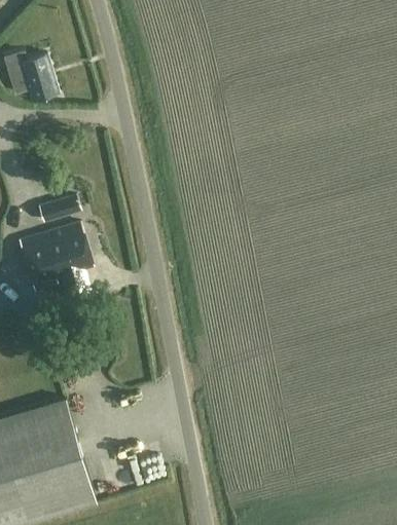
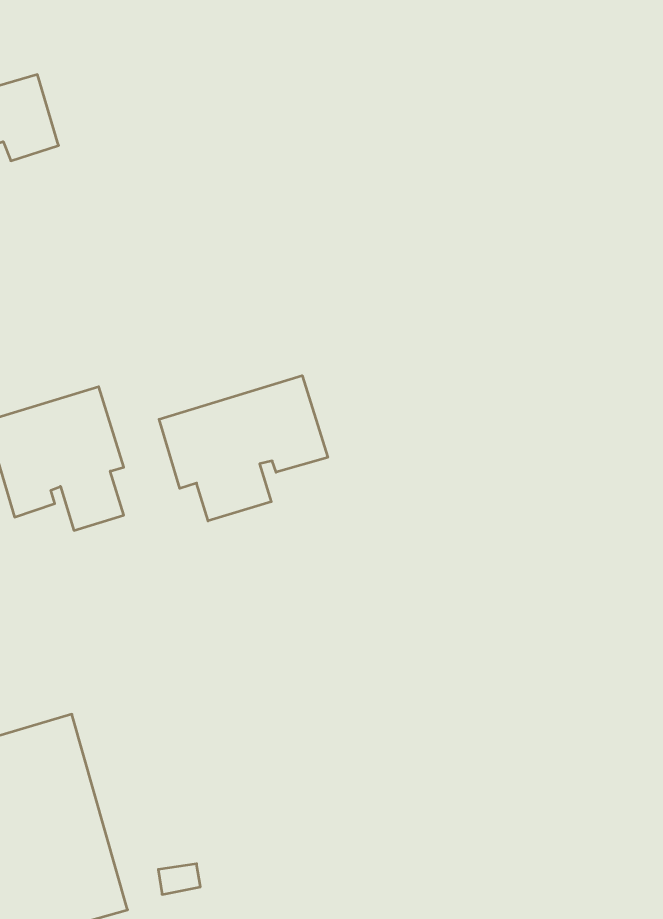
building: [37,195,79,224] -> none
building: none -> [159,376,328,521]

